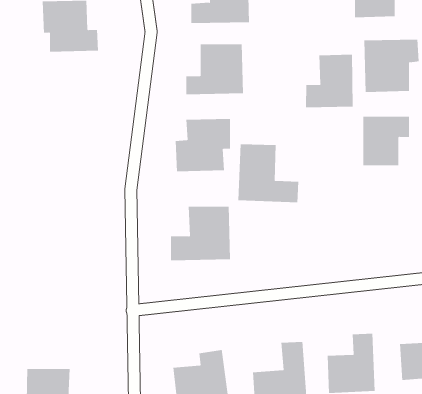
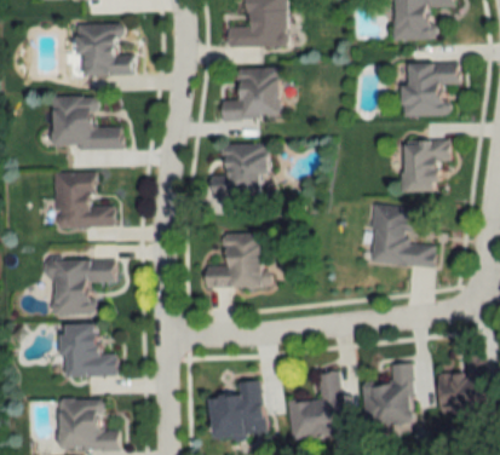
building: [305,54,353,108] -> none
building: none -> [52,97,121,149]
building: [237,144,299,203] -> [372,206,435,266]
building: none -> [54,173,115,227]
building: none -> [44,260,115,315]
building: none -> [62,324,116,378]

